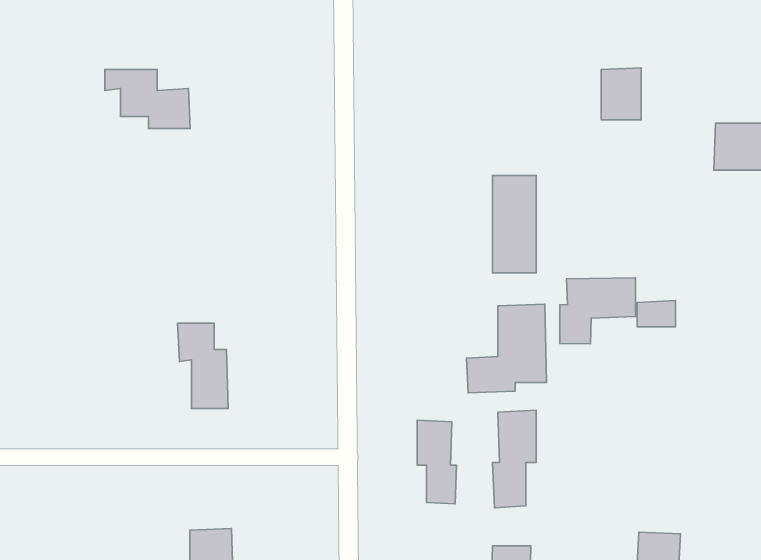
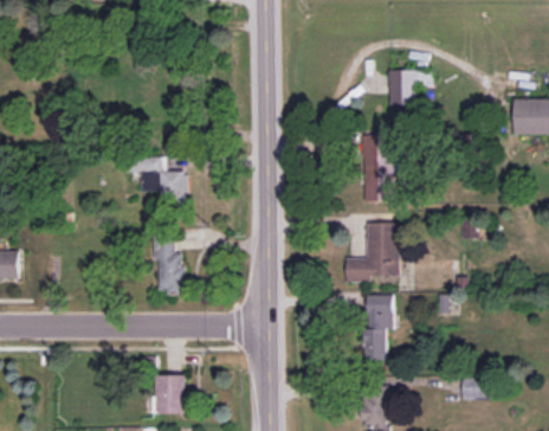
building: [601,68,641,120] -> [387,70,414,105]
building: [105,70,190,129] -> [129,159,187,199]
building: [560,278,636,344] -> none
building: [417,420,457,504] -> none

